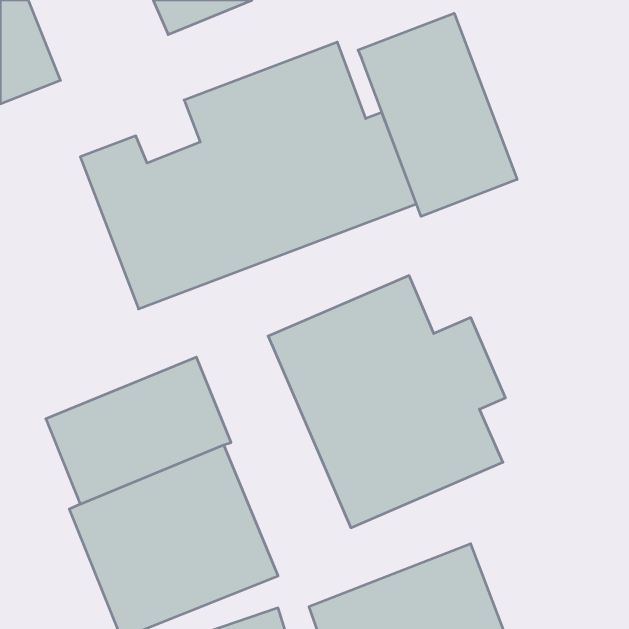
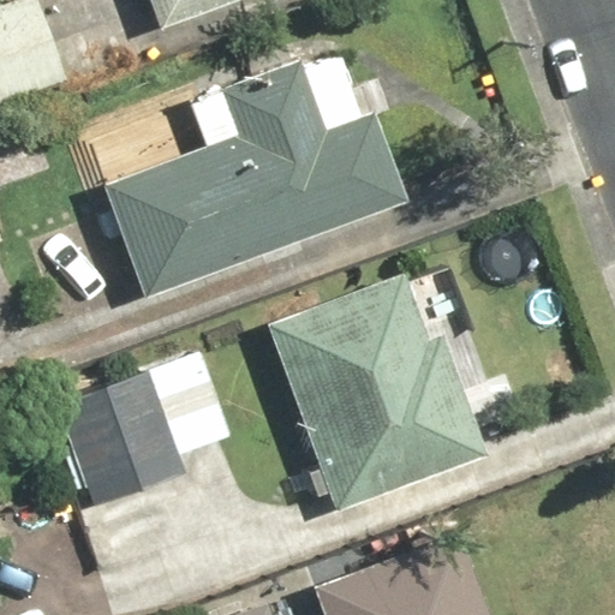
building: [358,13,517,216] -> none

